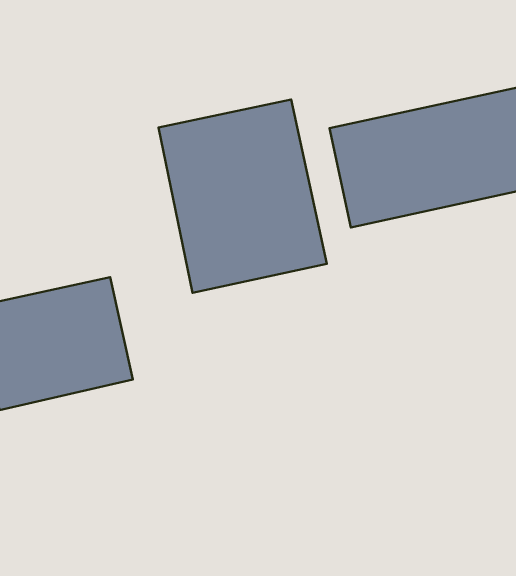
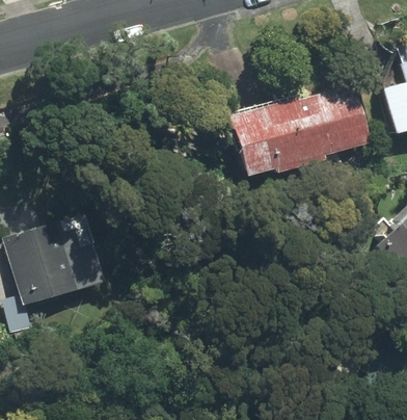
building: [159,99,327,293] -> none

